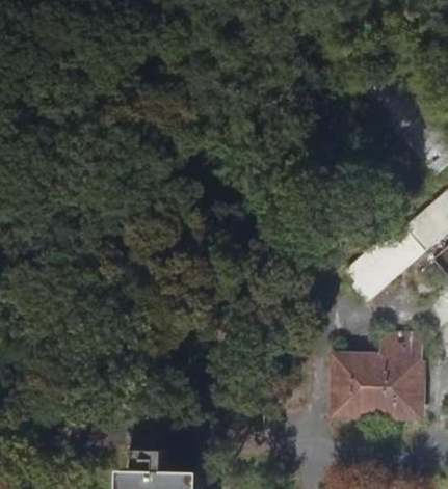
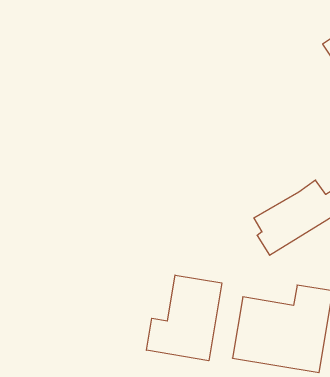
building: none -> [146,275,222,361]

